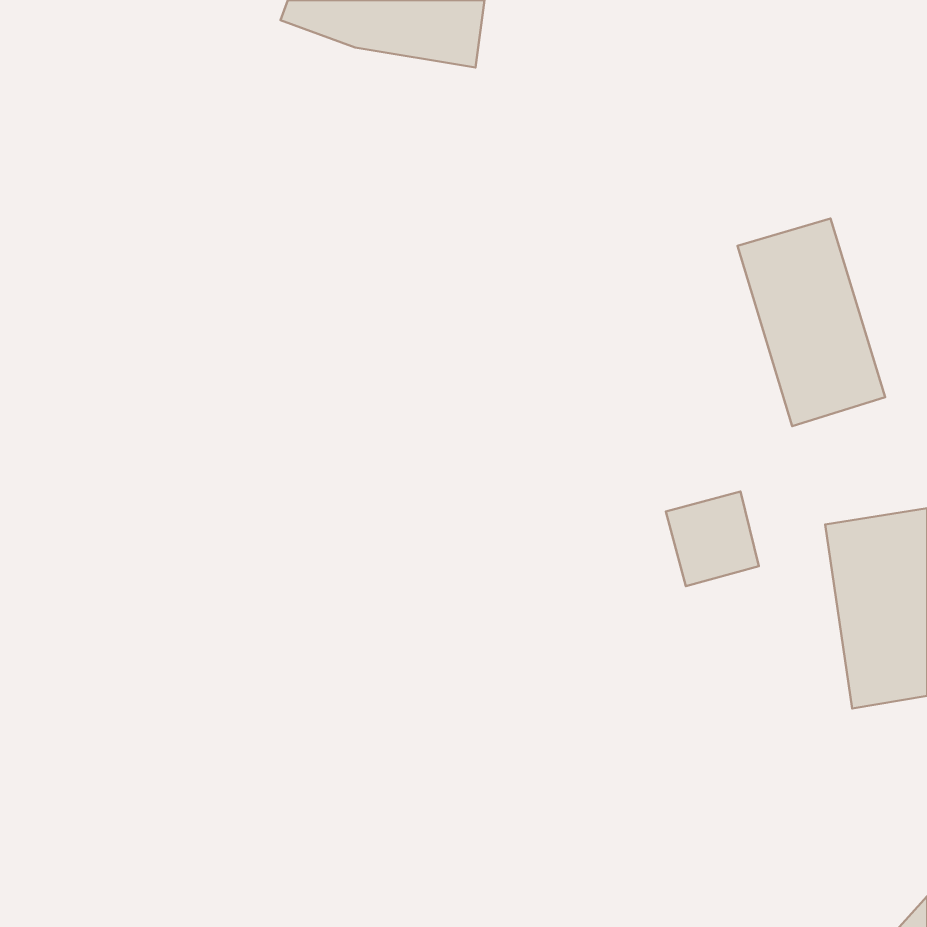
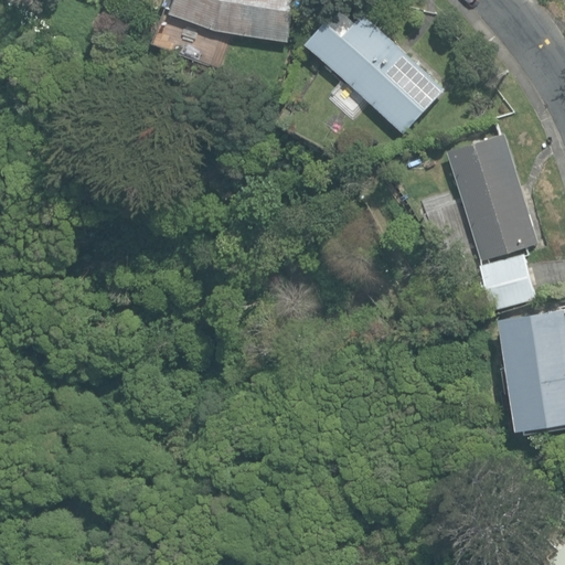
building: none -> [307,12,444,134]
building: [666,491,759,586] -> [479,254,535,311]

